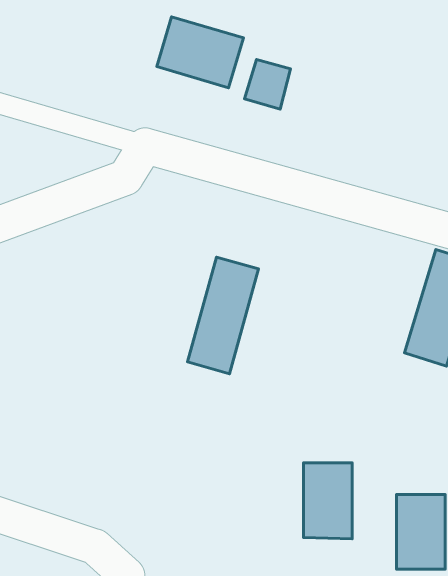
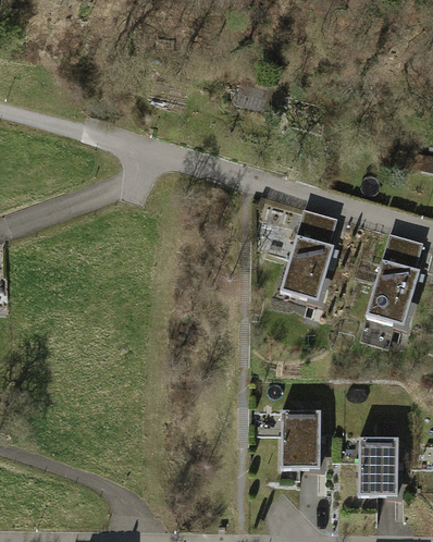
building: [157,17,243,88] -> none
building: [188,257,258,374] -> [279,208,337,305]

